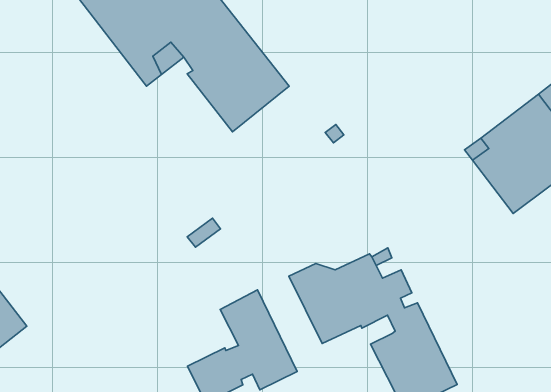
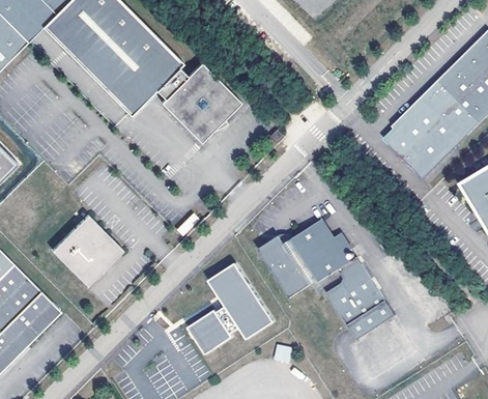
building: none -> [52,216,123,287]

